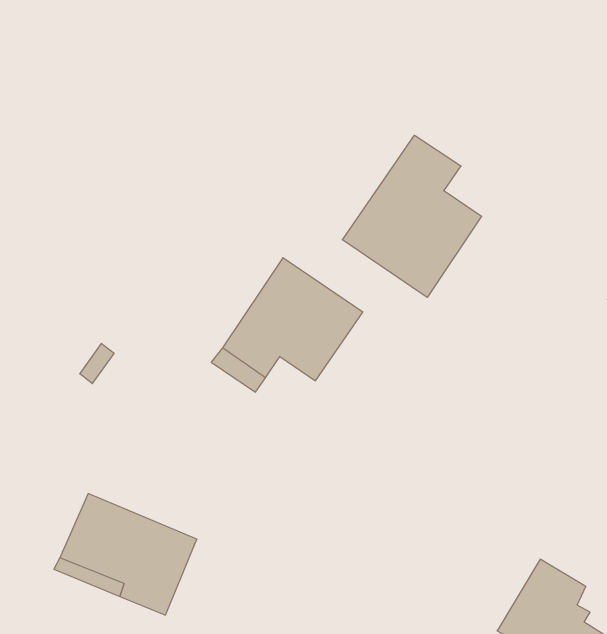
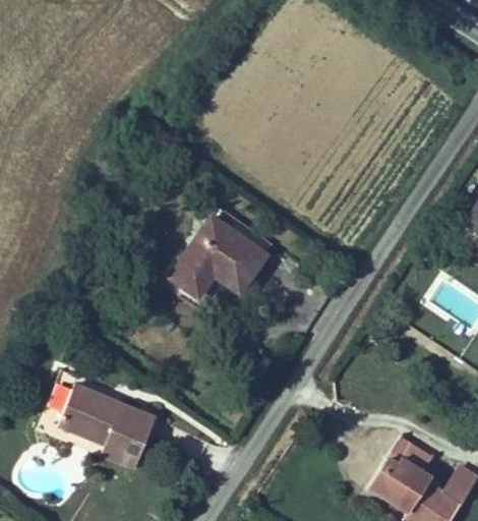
building: [342,135,482,297] -> none

